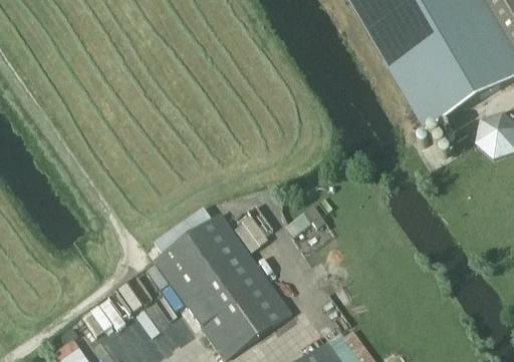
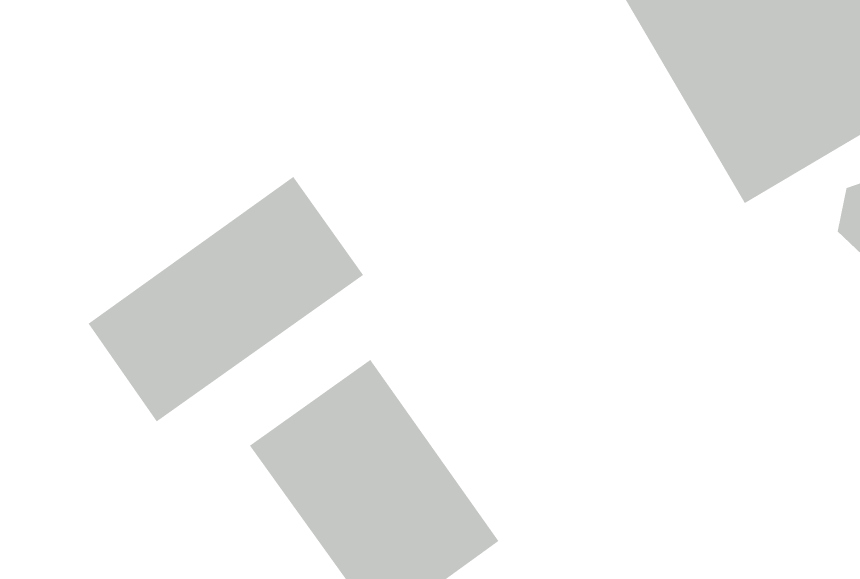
building: none -> [87,176,364,422]

